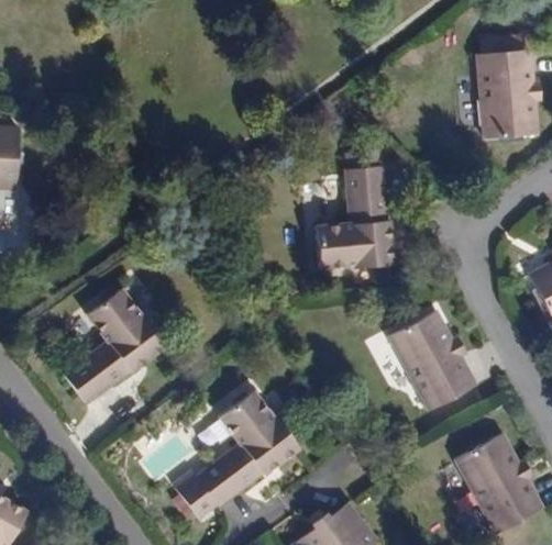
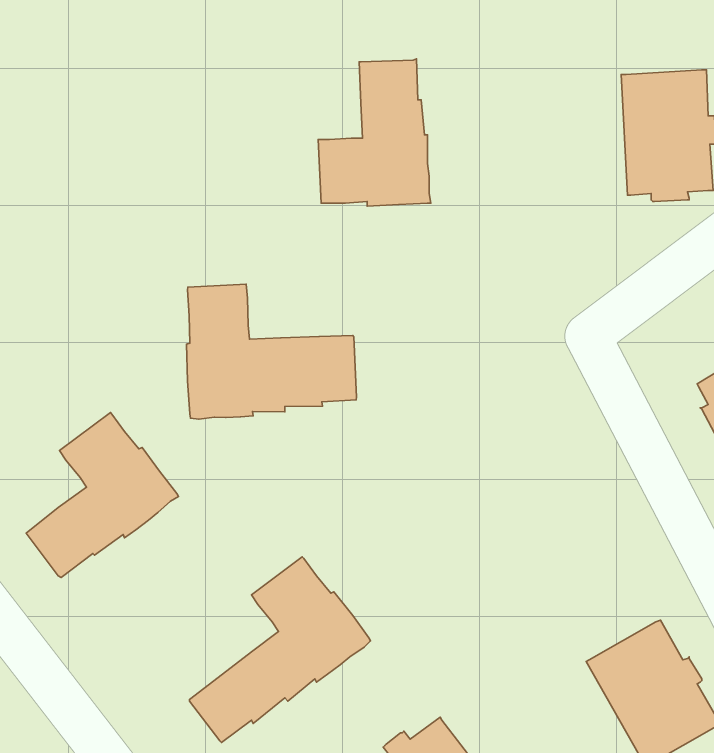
building: [314,164,393,266] -> [318,59,431,206]
building: none -> [187,284,356,419]
building: [384,310,477,412] -> none

